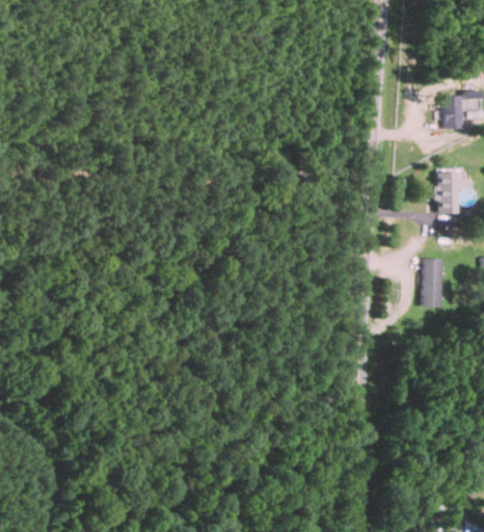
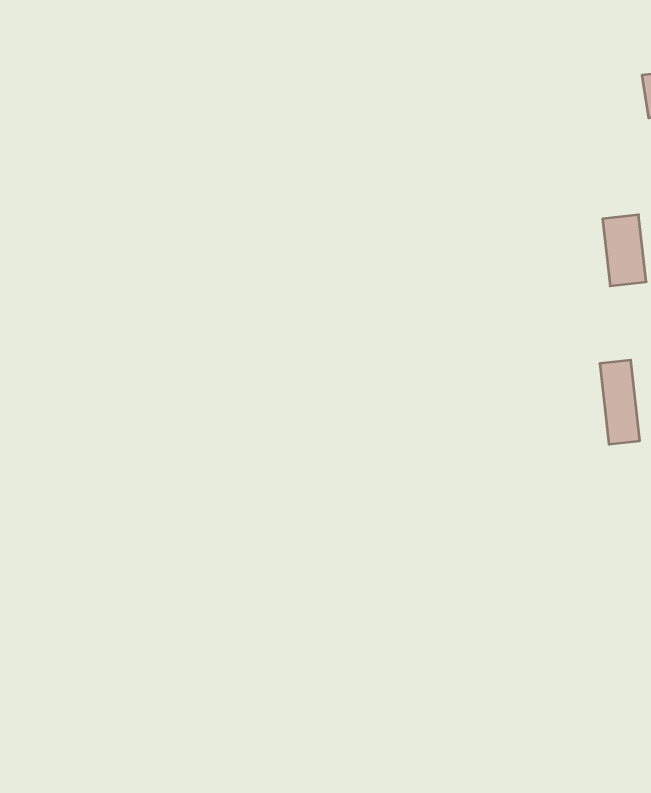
building: [445,96,463,129] -> none

